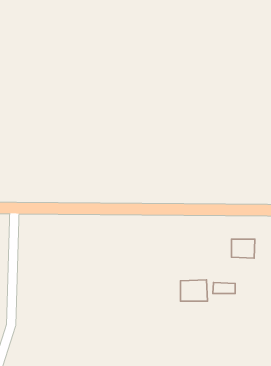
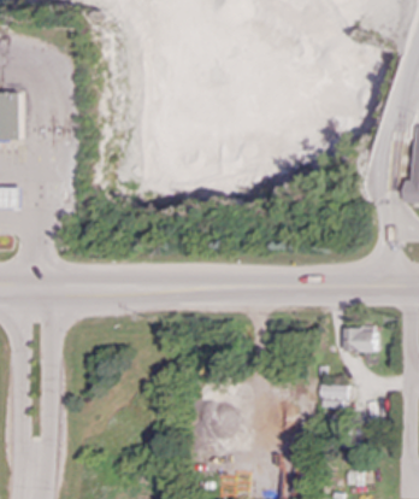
building: [181,280,208,301] -> none

